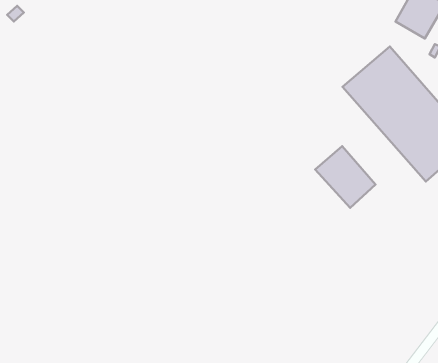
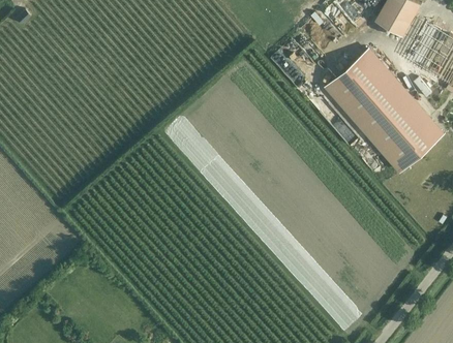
building: [315,146,376,208] -> none

